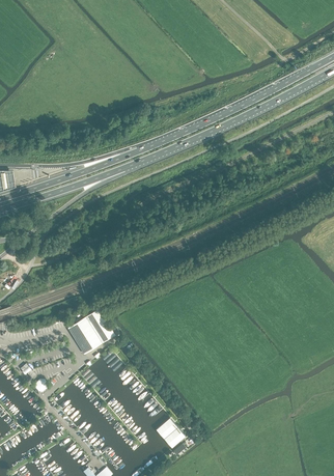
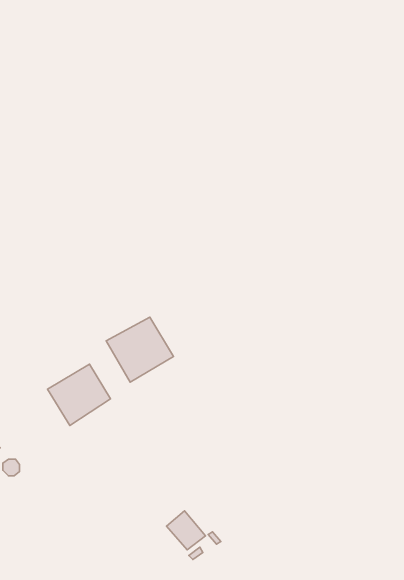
building: none -> [106,317,173,382]

